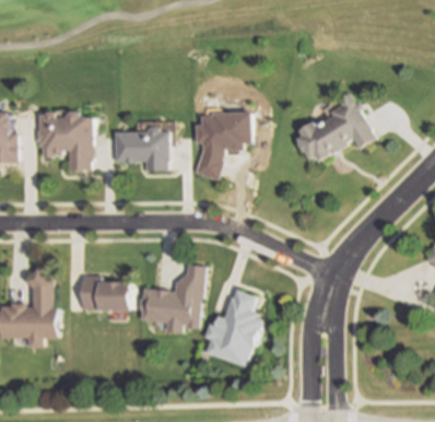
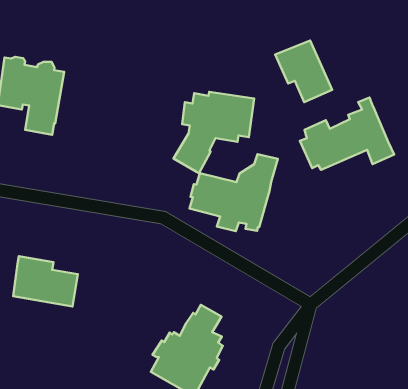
building: none -> [275,41,332,102]
building: [114,127,168,169] -> none
building: [138,265,204,331] -> [190,154,278,231]

